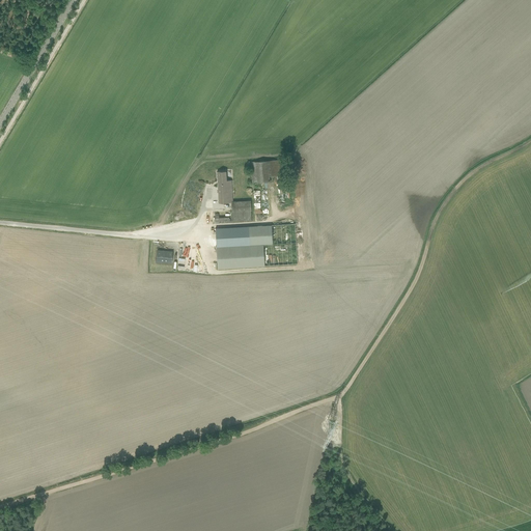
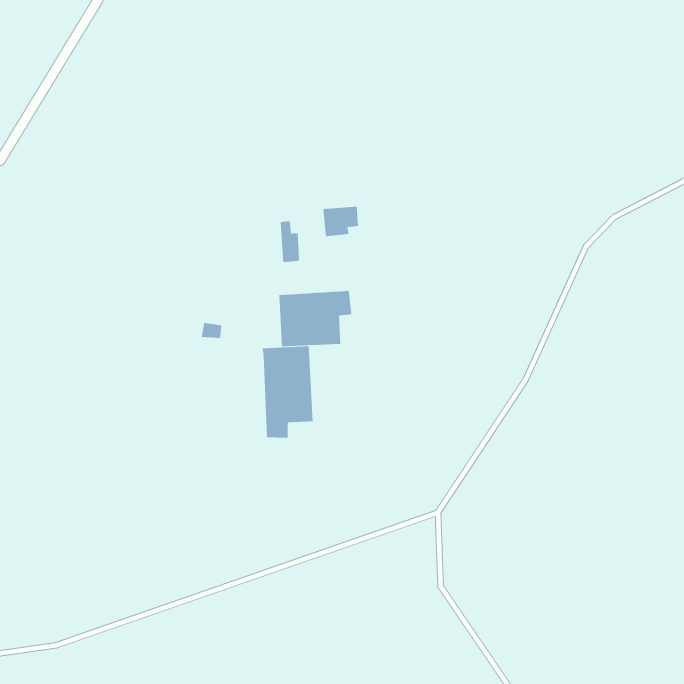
building: [231,200,251,222] -> none
building: none -> [262,345,313,439]

